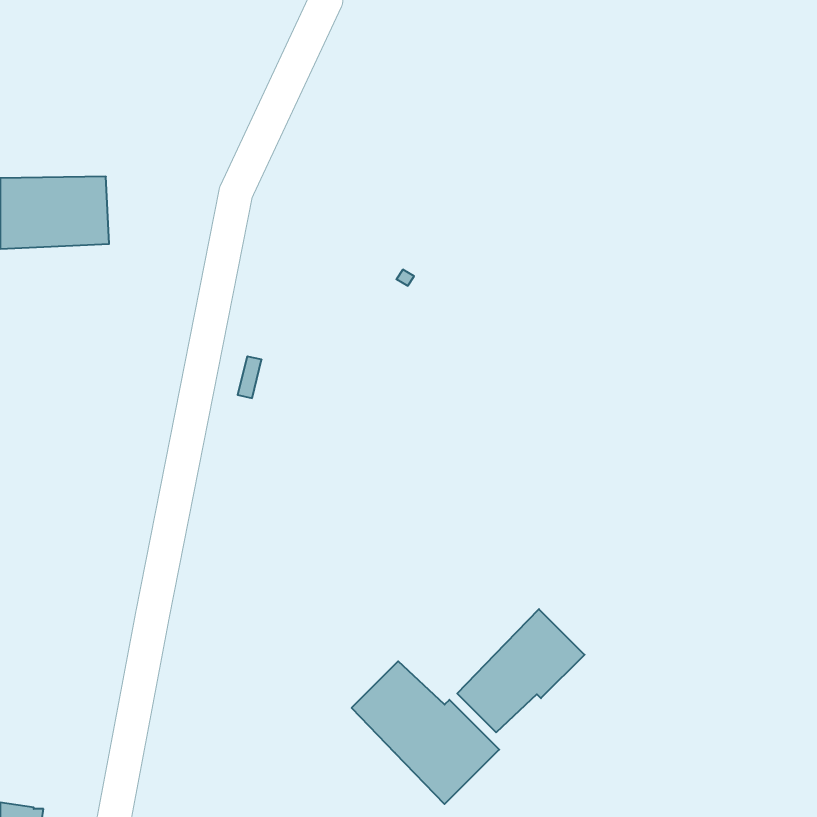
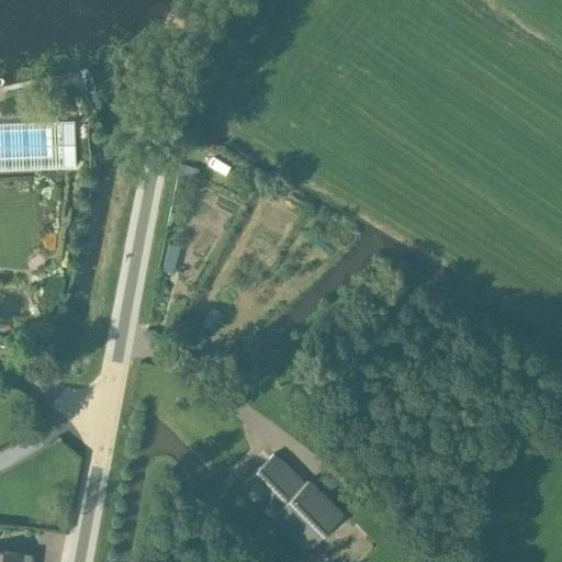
building: [457,609,585,732] -> none

